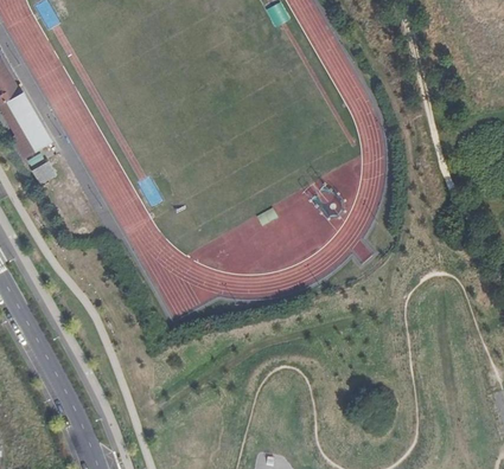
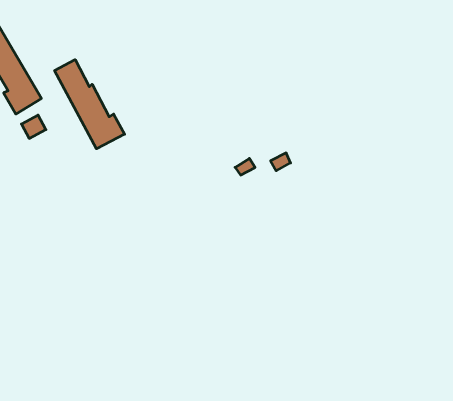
building: none -> [55,60,125,149]

